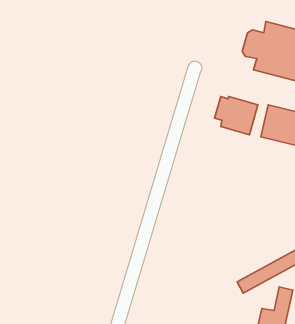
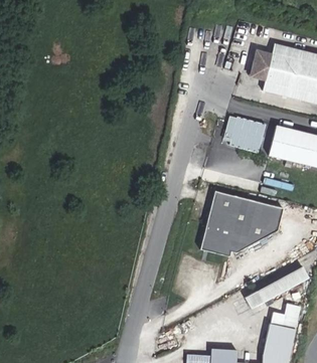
building: none -> [200,190,284,255]

